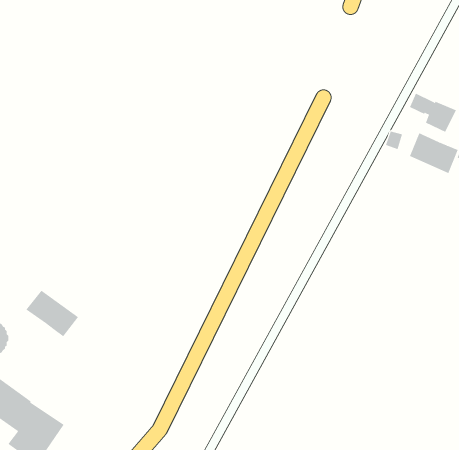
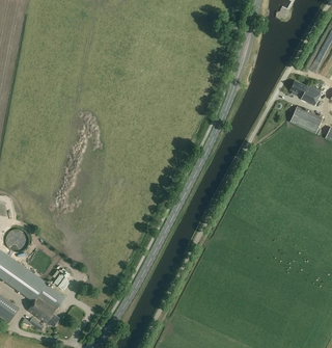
building: [26,290,79,337] -> none

